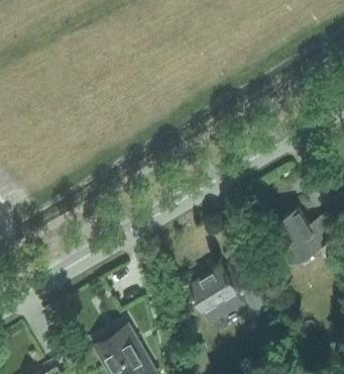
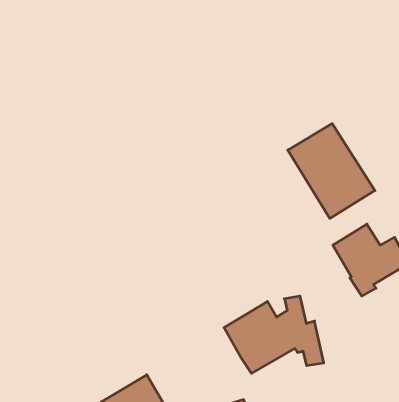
building: none -> [288,124,375,218]

